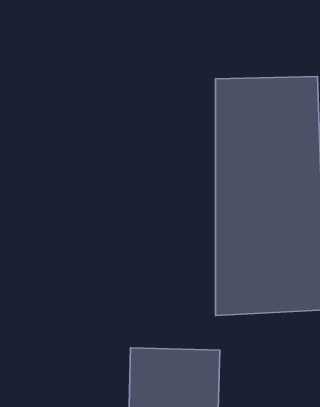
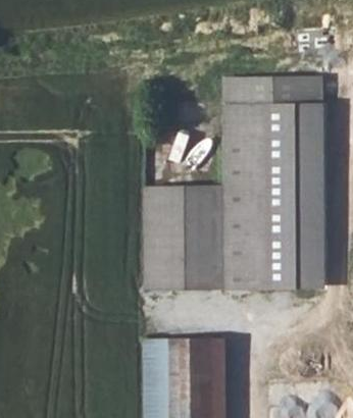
building: none -> [141,185,219,293]

